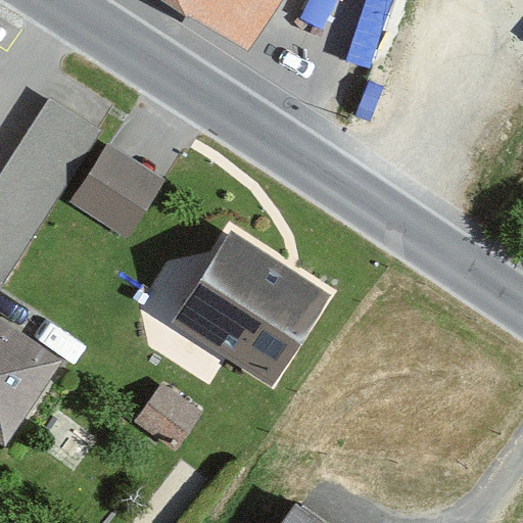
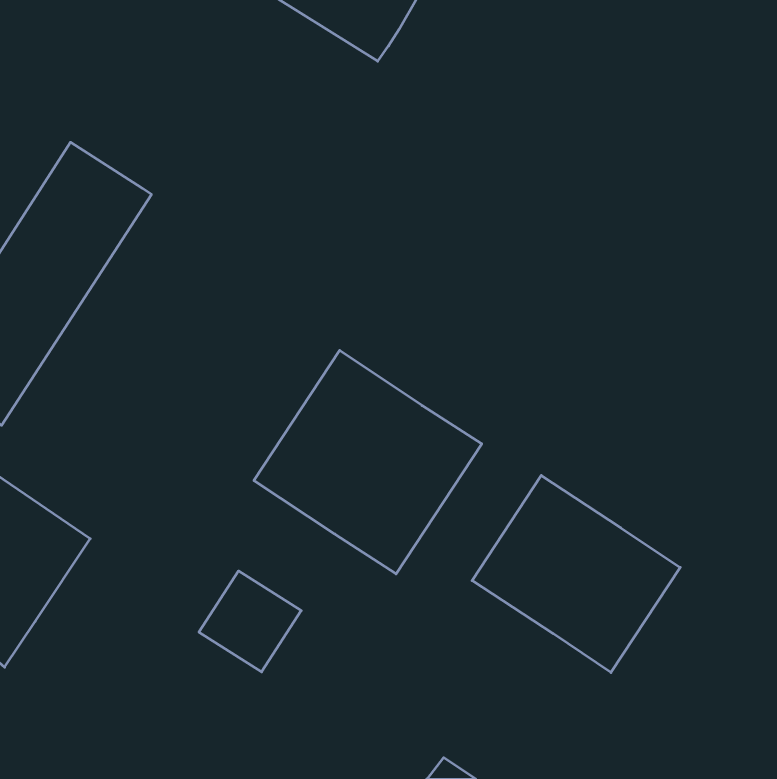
building: [68,142,161,236] -> none
building: none -> [472,475,680,673]

